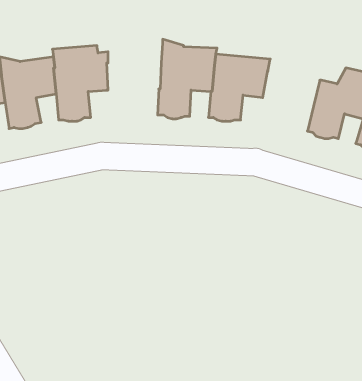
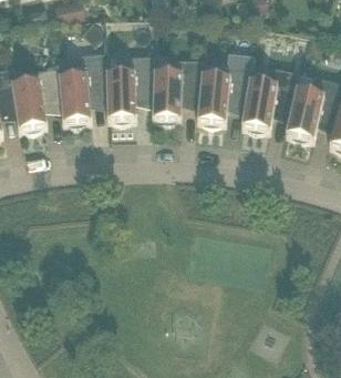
building: none -> [106,55,156,123]
building: none -> [241,68,301,132]

